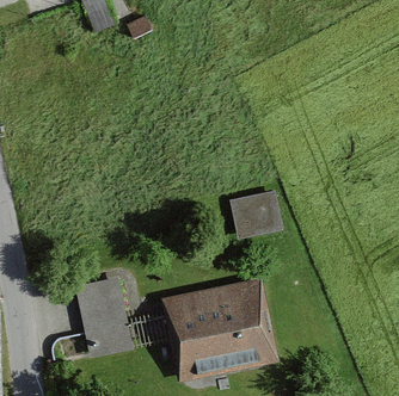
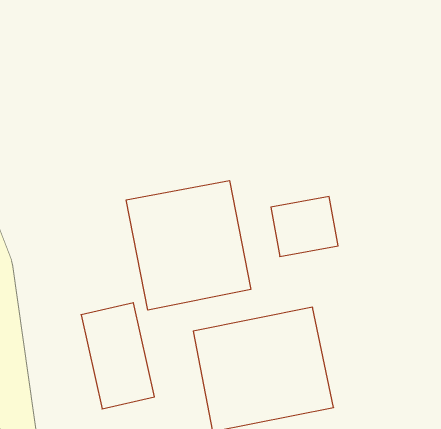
building: none -> [126,181,251,310]

